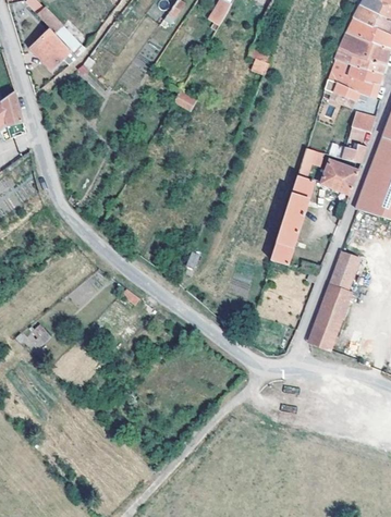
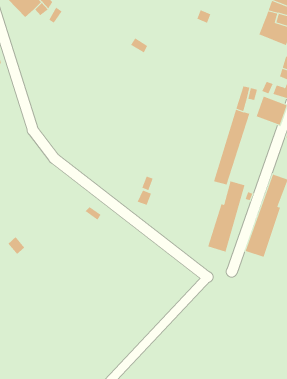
building: none -> [208,180,245,252]

